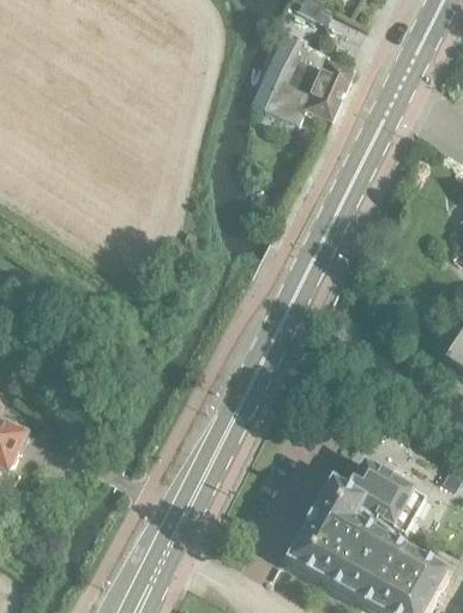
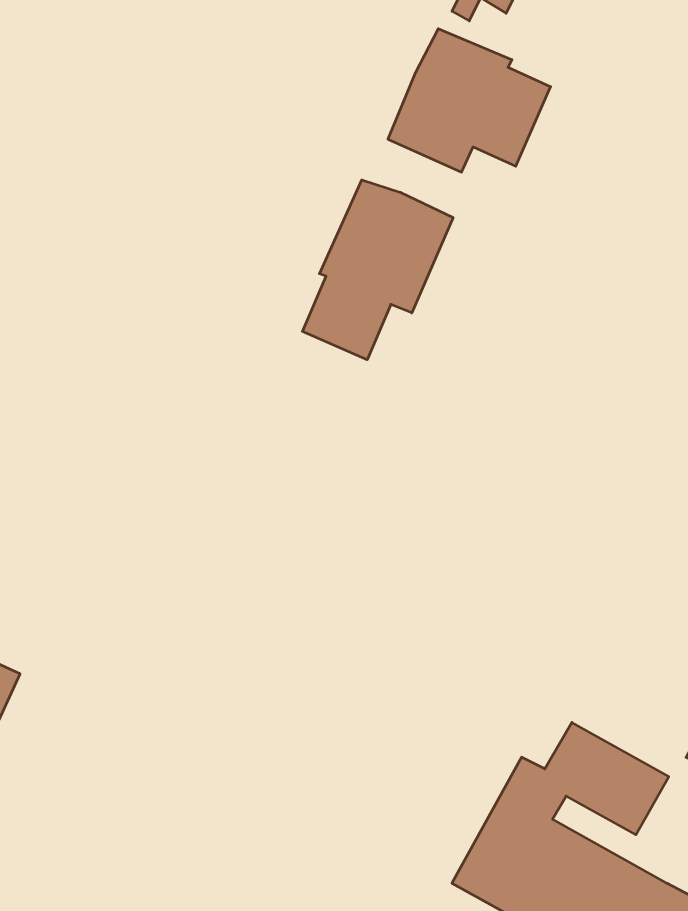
building: none -> [302,180,453,360]

